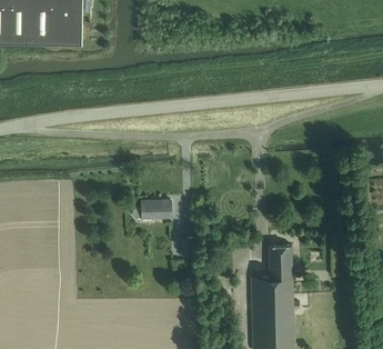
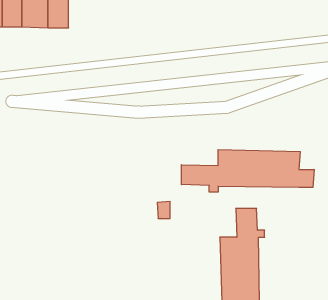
building: none -> [181,150,314,192]
building: [132,200,170,217] -> none

